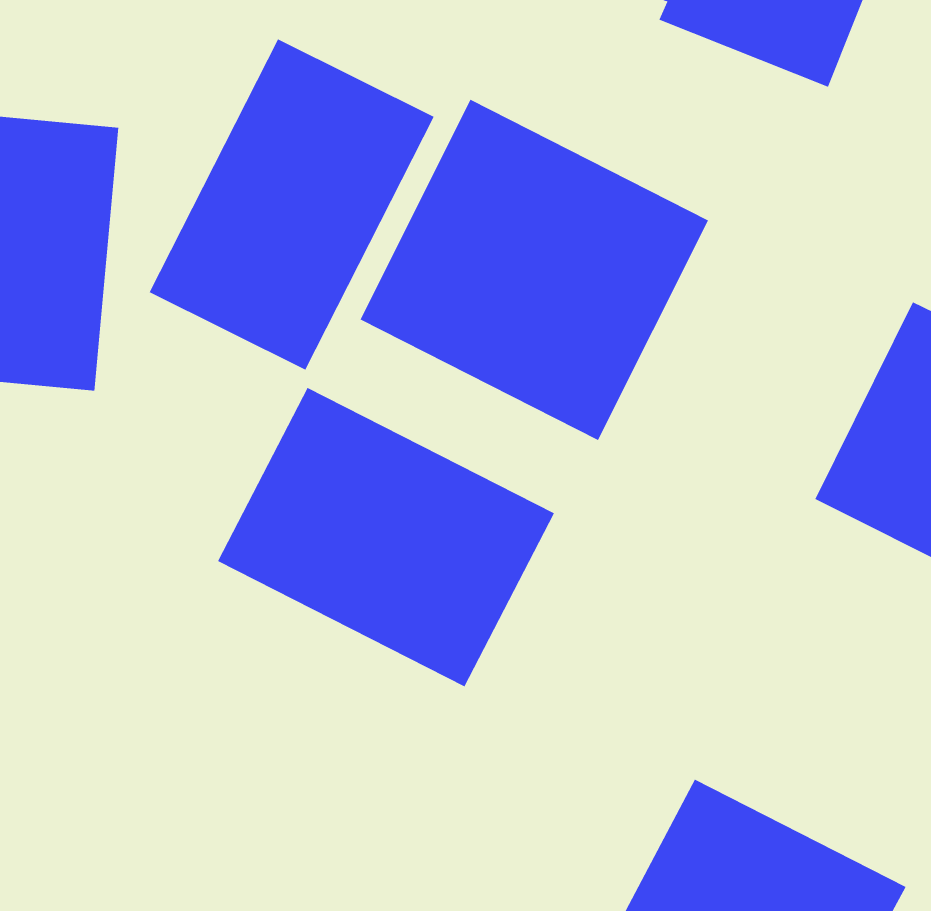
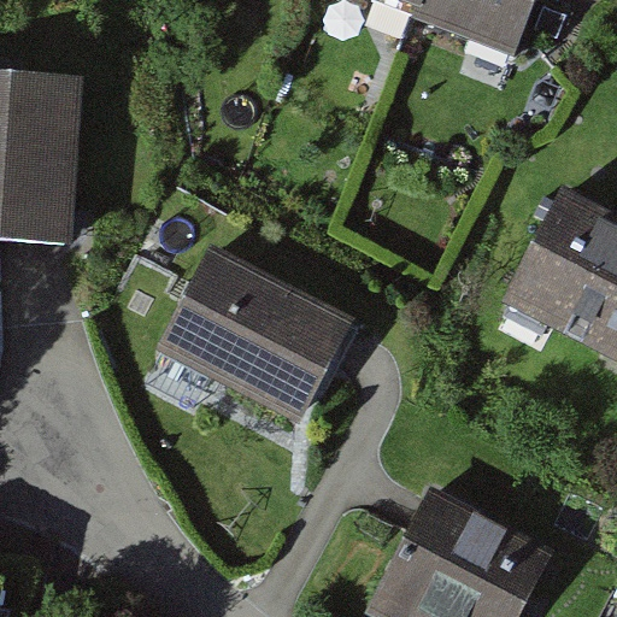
building: [149,38,434,370] -> none
building: [360,99,709,441] -> none

